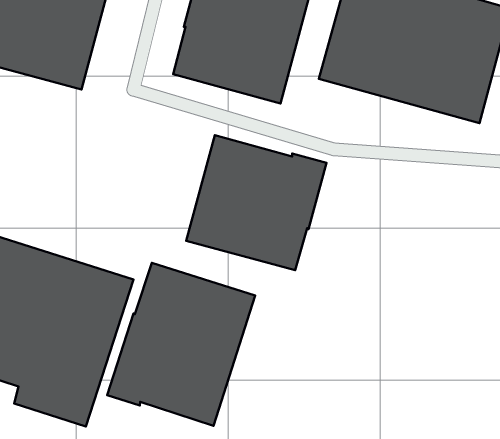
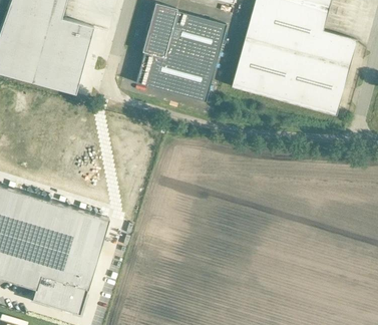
building: [186,135,327,270] -> none
building: [107,263,255,426] -> none

